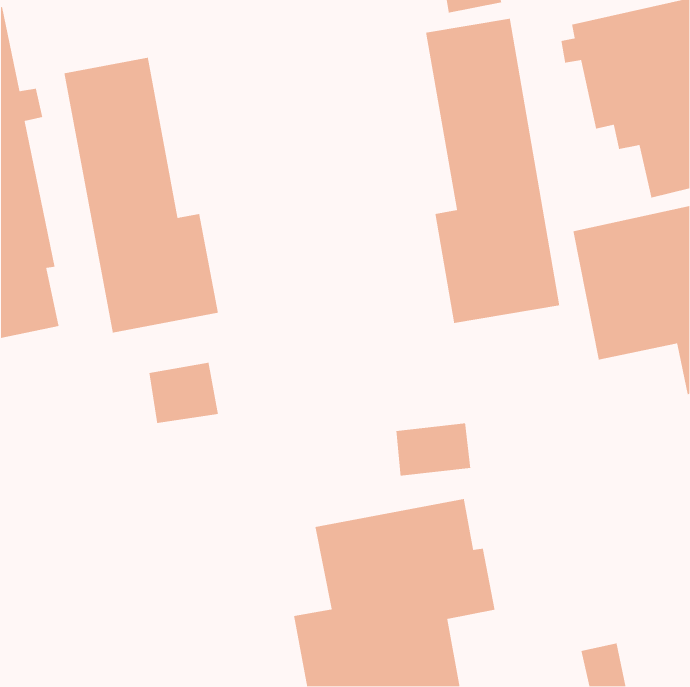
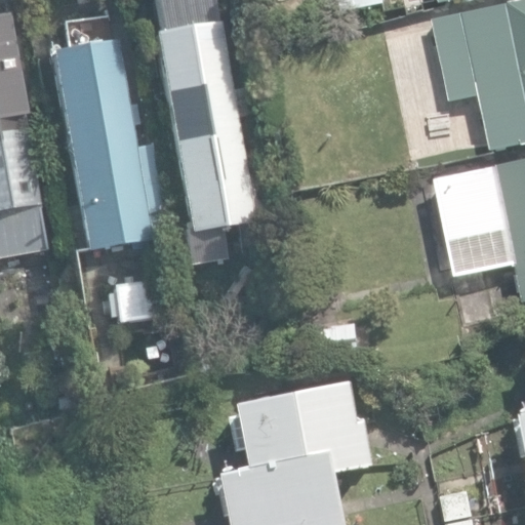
building: none -> [150,13,274,267]
building: [425,18,560,324] -> none

